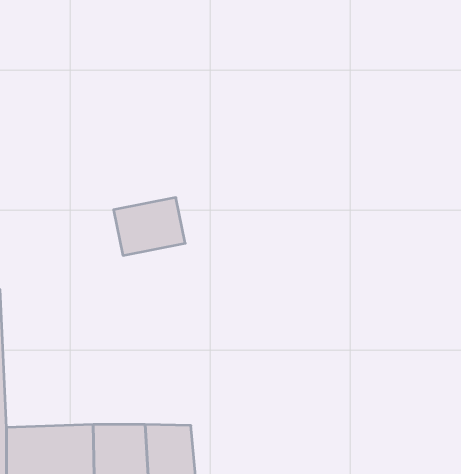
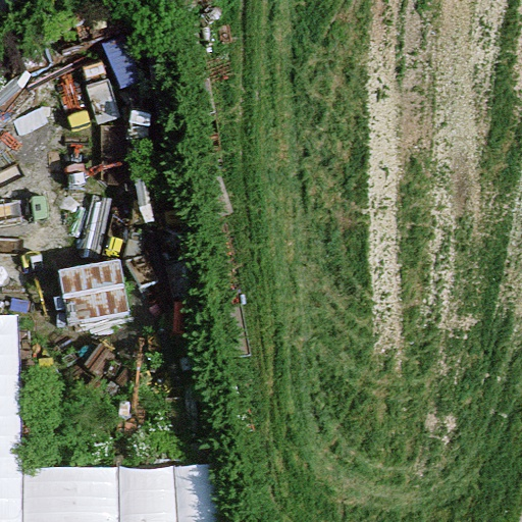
building: [114,198,185,255] -> [46,261,124,324]

